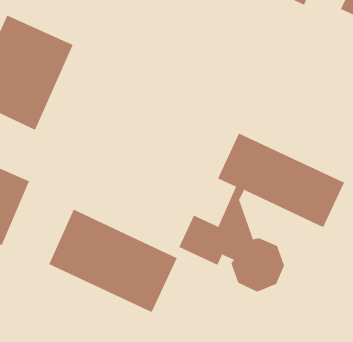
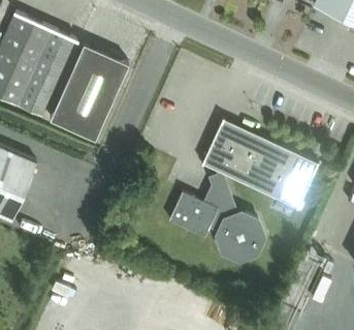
building: none -> [50,44,129,141]
building: [49,209,178,313] -> none

